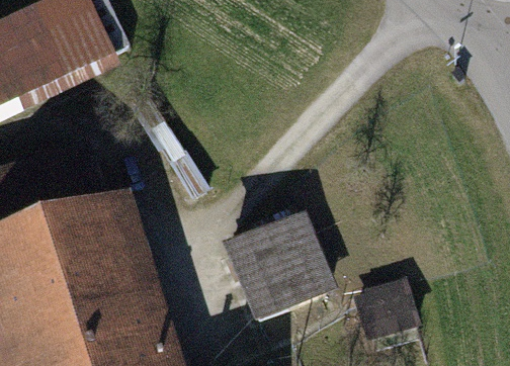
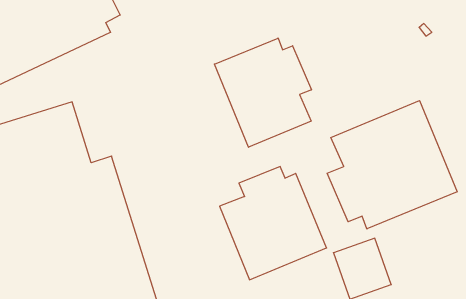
building: none -> [214,38,311,147]
building: none -> [327,101,457,229]

